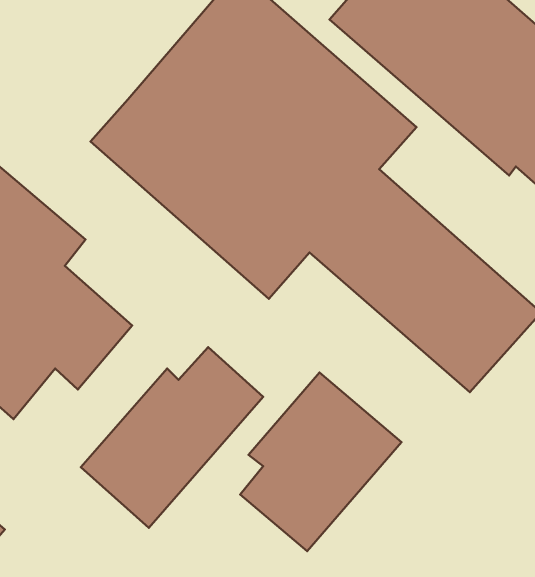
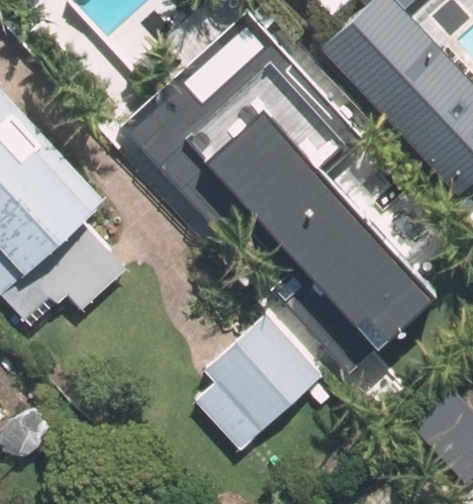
building: [81,347,263,528] -> none

